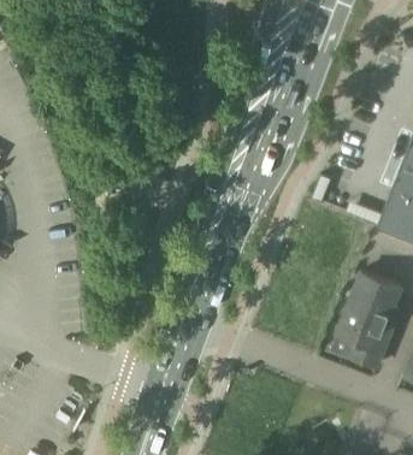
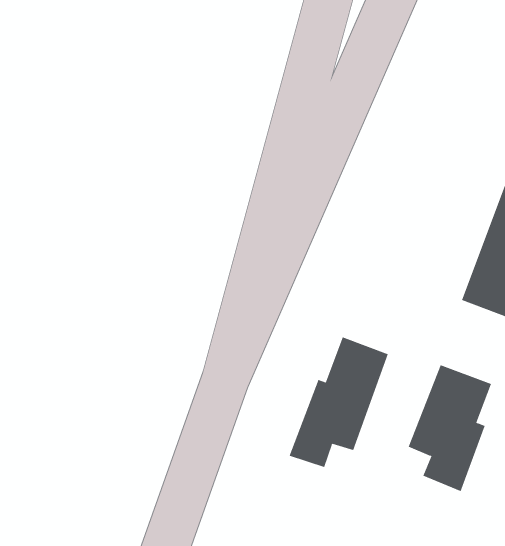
building: none -> [289,337,389,468]

